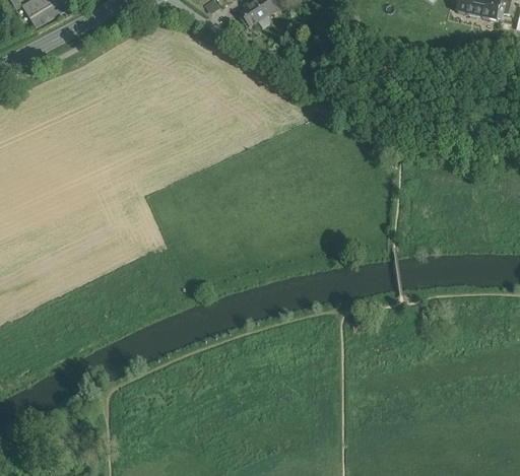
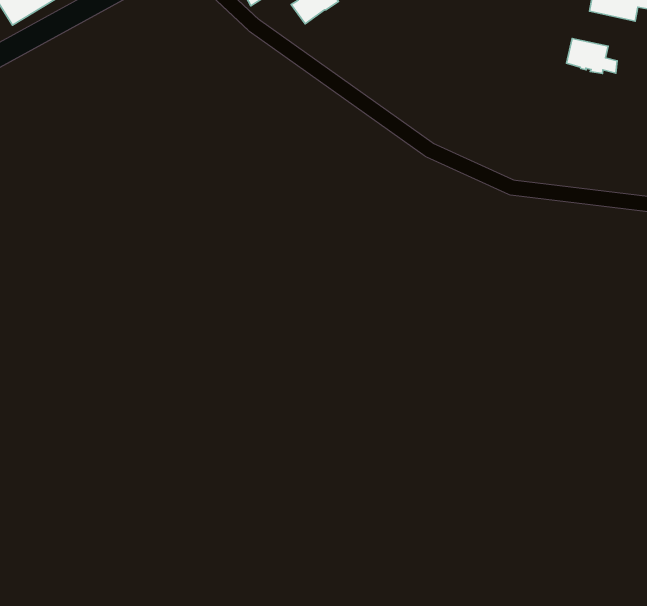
building: none -> [566,38,617,73]

